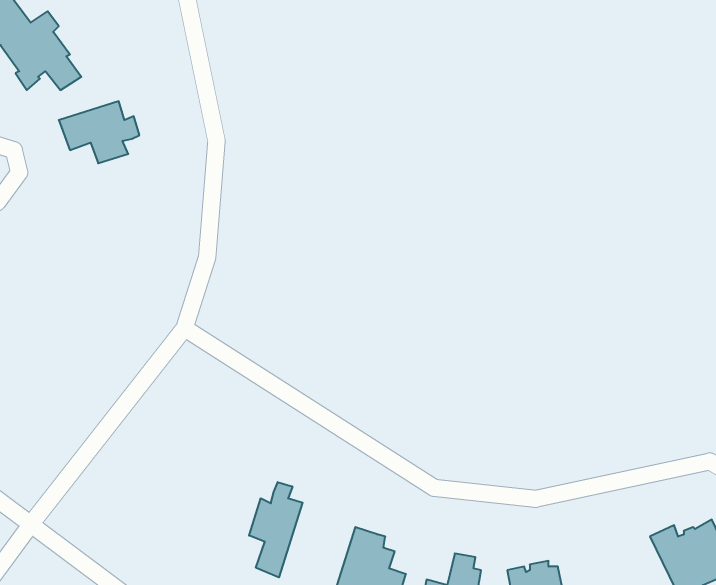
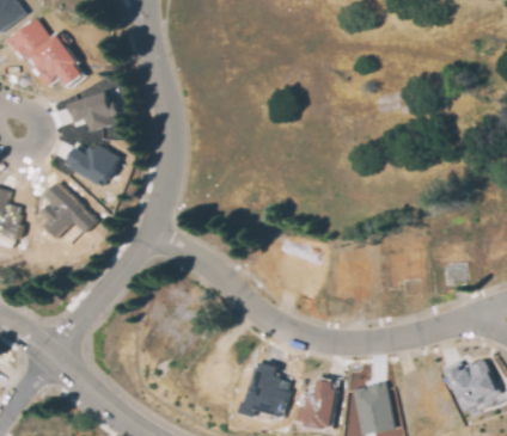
building: none -> [67,145,120,184]
building: none -> [42,183,98,240]
building: [249,482,303,577] -> none

